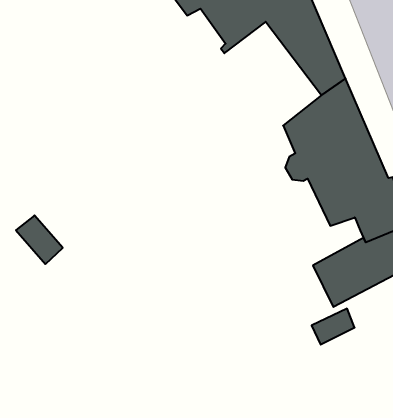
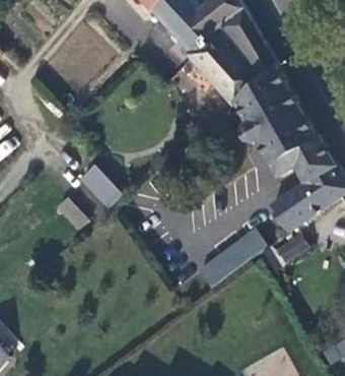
building: none -> [188,32,262,108]
building: none -> [79,168,122,211]
building: none -> [198,228,268,287]

